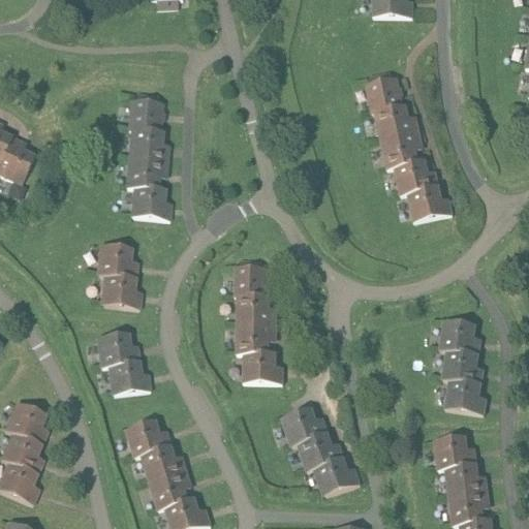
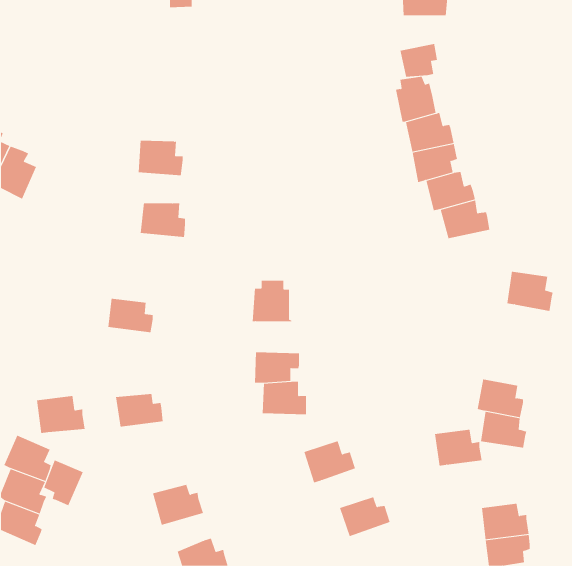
building: none -> [400,43,438,78]
building: [126,98,164,130] -> none
building: [124,159,167,187] -> none
building: [95,243,137,279] -> none
building: [236,297,277,325] -> none
building: [438,318,481,355] -> [507,271,554,311]
building: [95,332,141,367] -> [36,396,85,434]
building: [124,418,173,457] -> none
building: none -> [44,459,83,506]
building: [297,432,345,470] -> none
building: [433,435,477,469] -> [434,429,482,466]
building: [149,473,192,510] -> none

